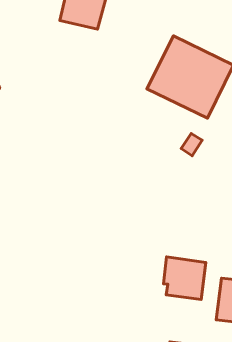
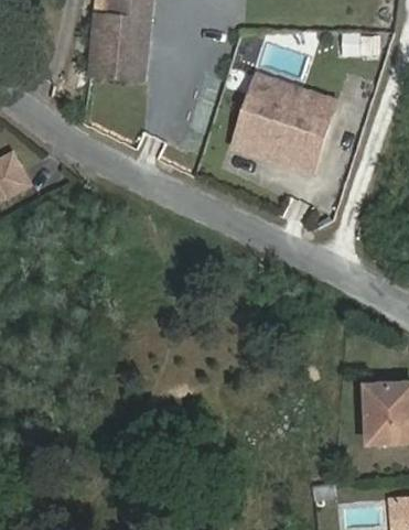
building: [163,257,206,299] -> none

